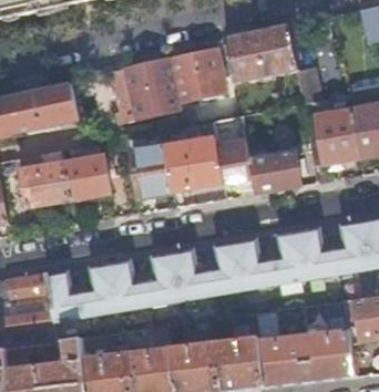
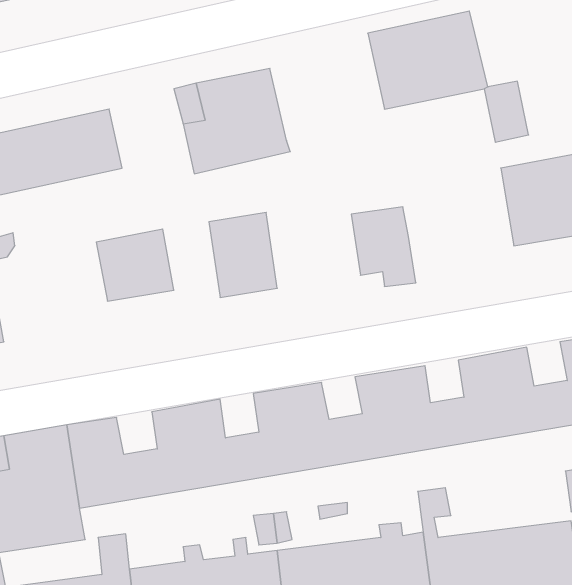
building: [166,47,224,101] -> none
building: [164,136,221,189] -> none
building: [18,147,69,205] -> none
building: [249,149,300,192] -> none

